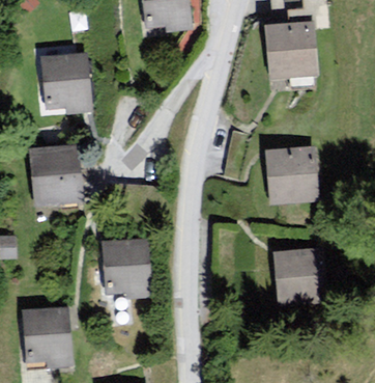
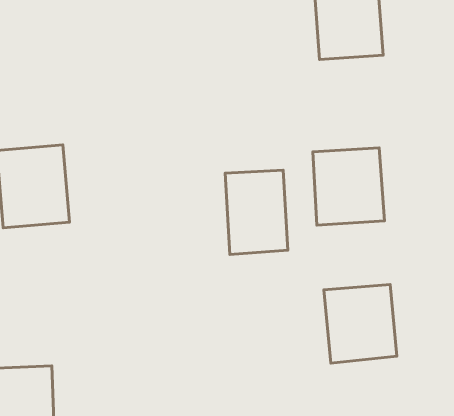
building: [35,52,92,114] -> none
building: none -> [225,170,288,254]
building: [103,239,151,297] -> none

